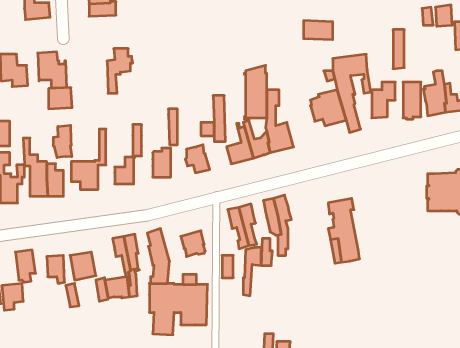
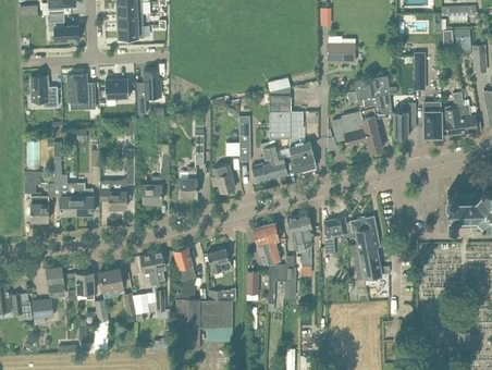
building: [49,88,72,109] -> [106,78,128,99]
building: [53,125,72,158] -> none
building: none -> [323,218,352,254]

